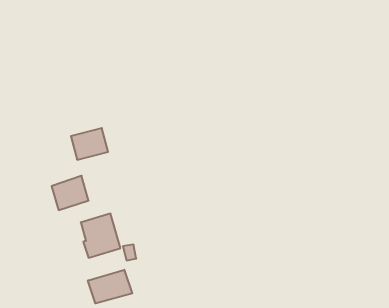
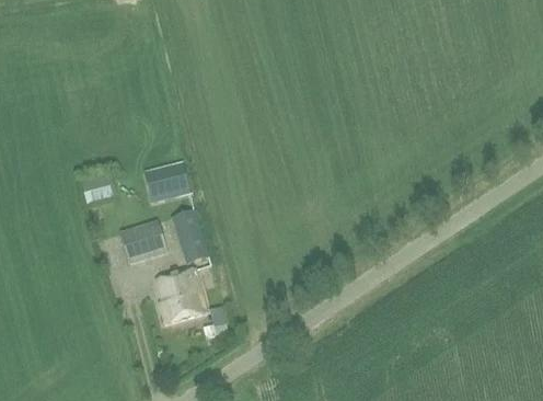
building: none -> [172,208,208,262]
building: [88,270,132,303] -> none

